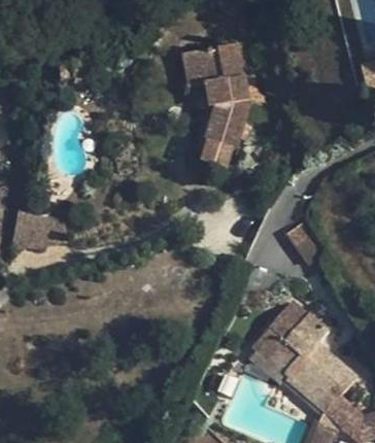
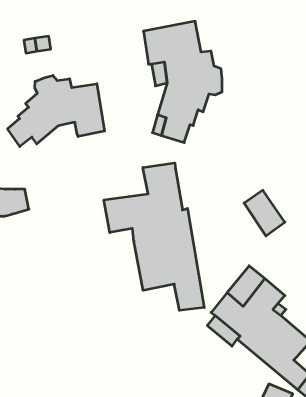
building: none -> [8,75,105,147]
building: none -> [104,163,204,310]

